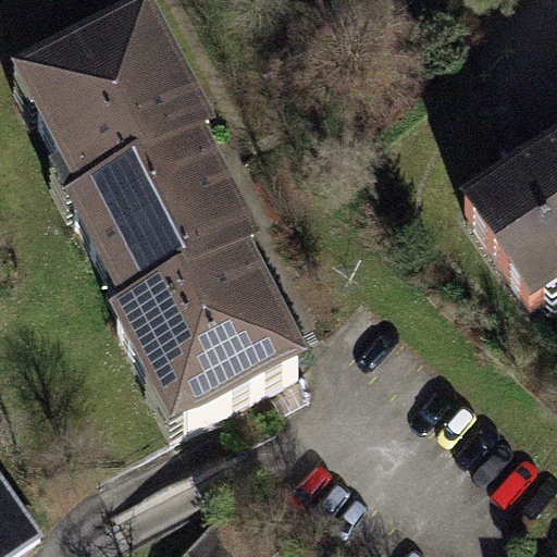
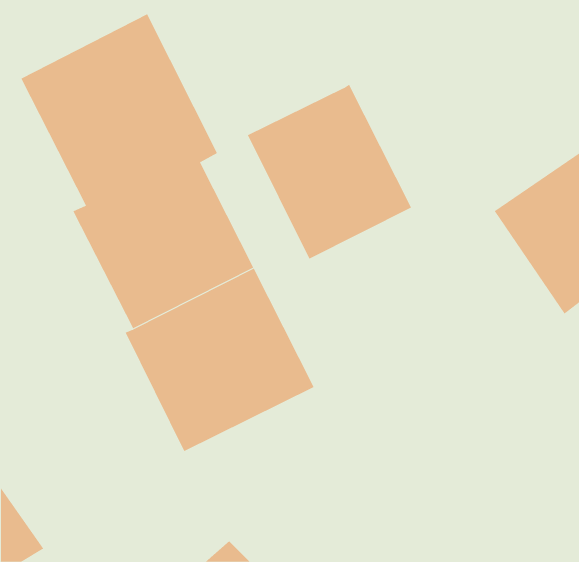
building: none -> [247,84,412,260]

